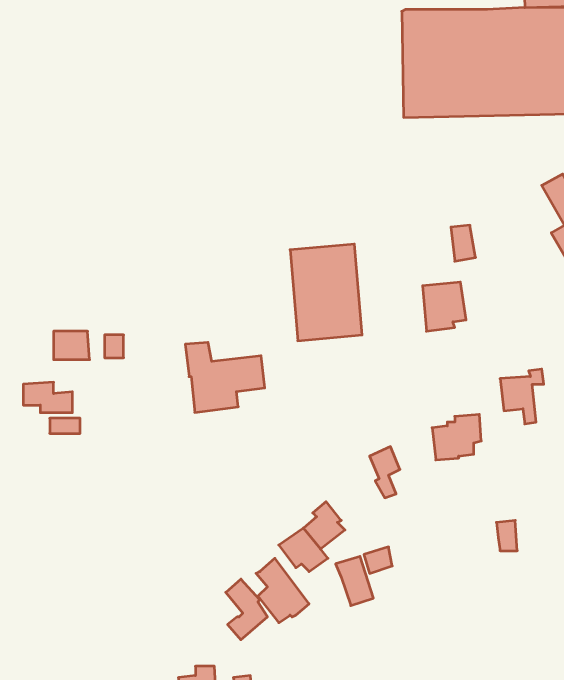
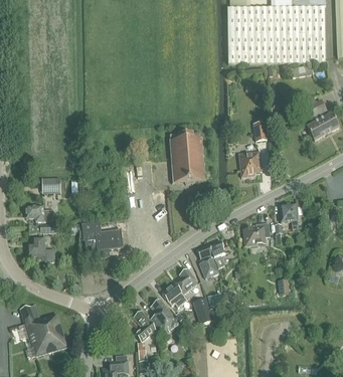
building: [185,342,265,412] -> [80,221,123,258]
building: none -> [27,236,54,262]
building: none -> [197,243,219,276]
building: none -> [19,304,65,354]

